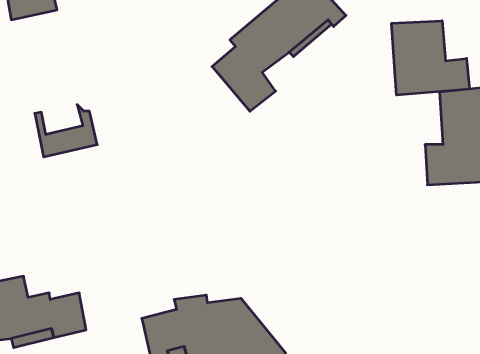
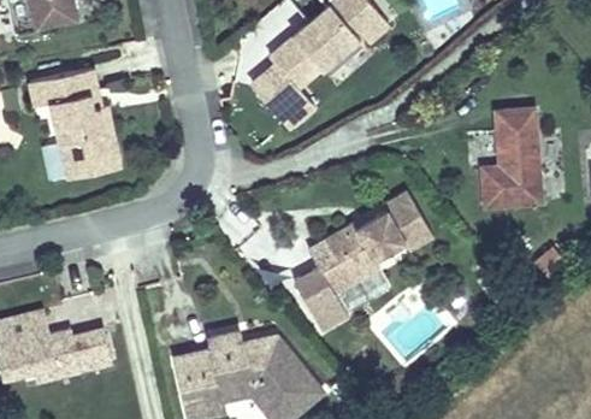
building: [392,21,470,95] -> none
building: none -> [25,66,108,155]
building: none -> [294,188,435,330]

